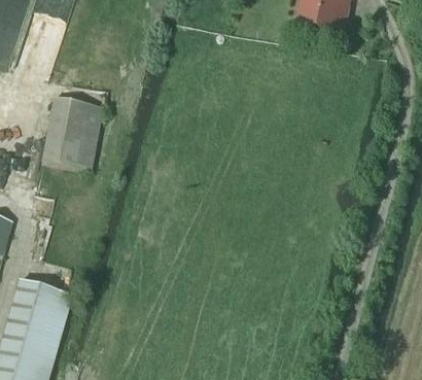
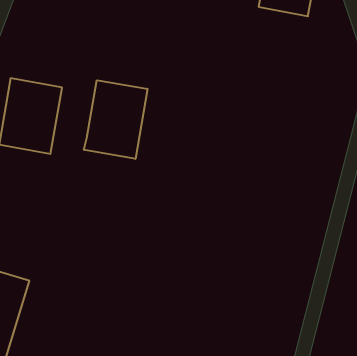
building: none -> [84,80,147,159]

